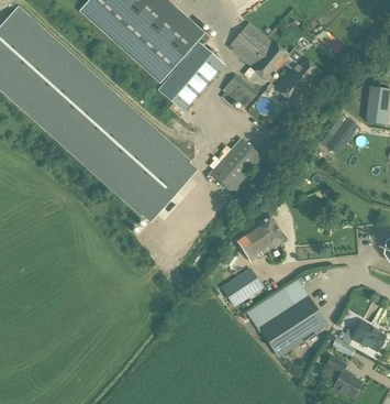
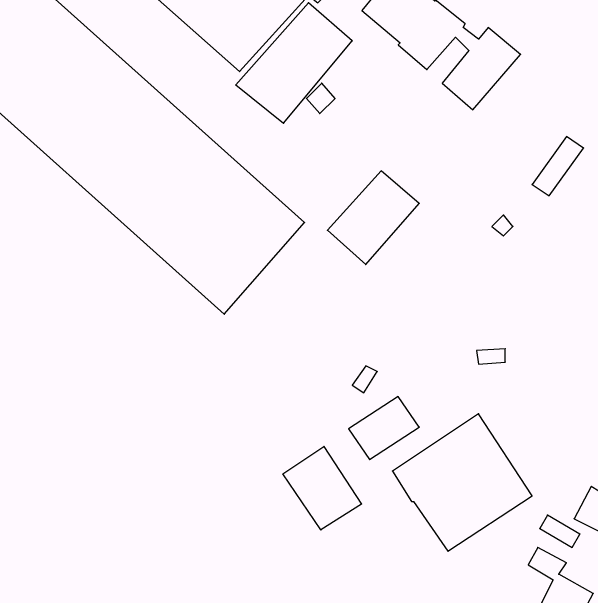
building: [223,72,259,109] -> none
building: [236,216,285,261] -> none
building: none -> [283,446,362,530]

